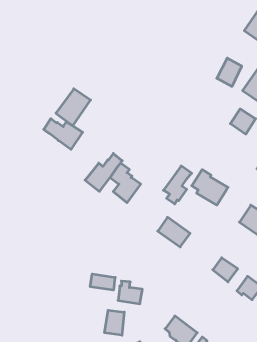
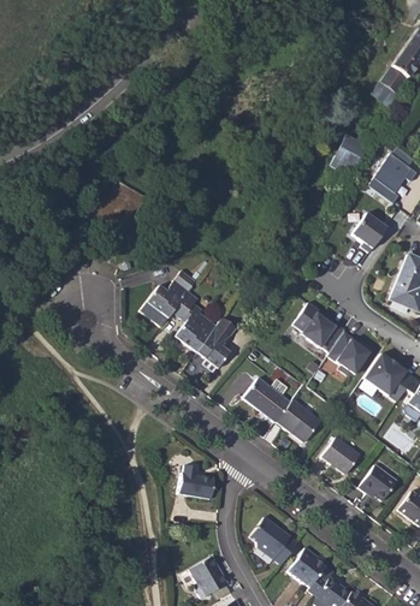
building: [44,119,83,149] -> none
building: [163,166,192,204] -> [196,315,238,372]
building: none -> [329,332,373,375]
building: none -> [276,394,320,436]
building: [90,274,115,290] -> none
building: [105,310,124,335] -> none

